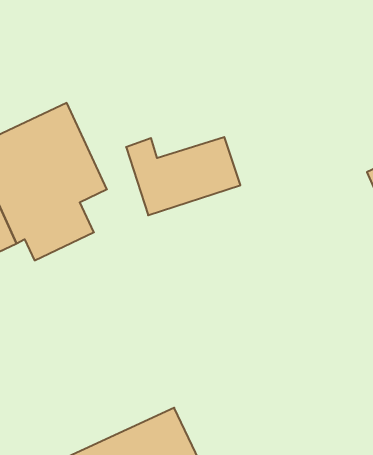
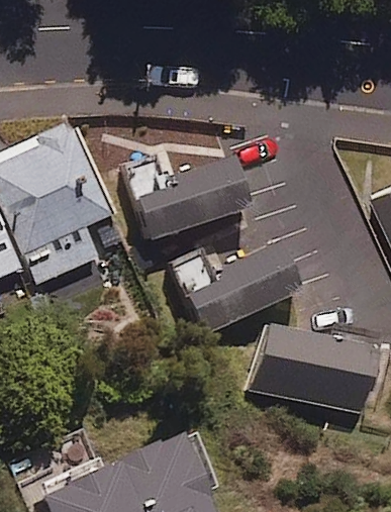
building: none -> [172,247,296,337]
building: none -> [255,329,374,412]

